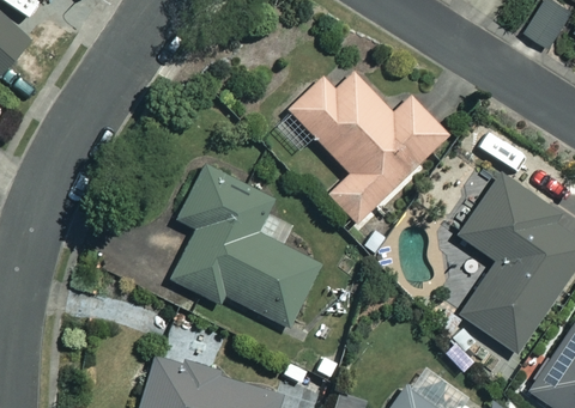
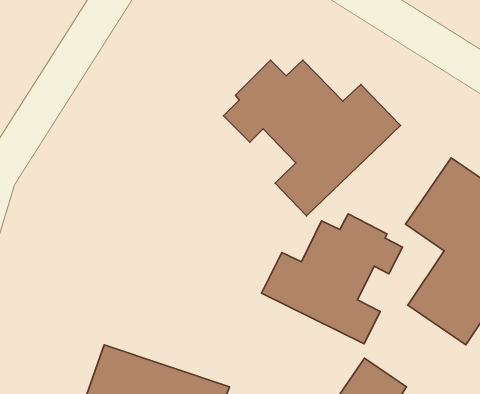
building: [173,168,322,328] -> none
building: none -> [261,214,403,344]

